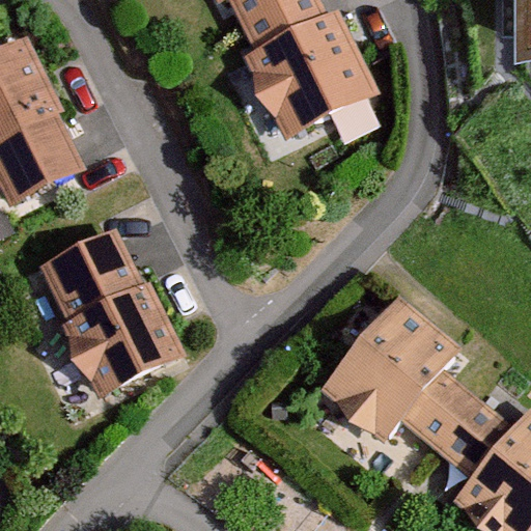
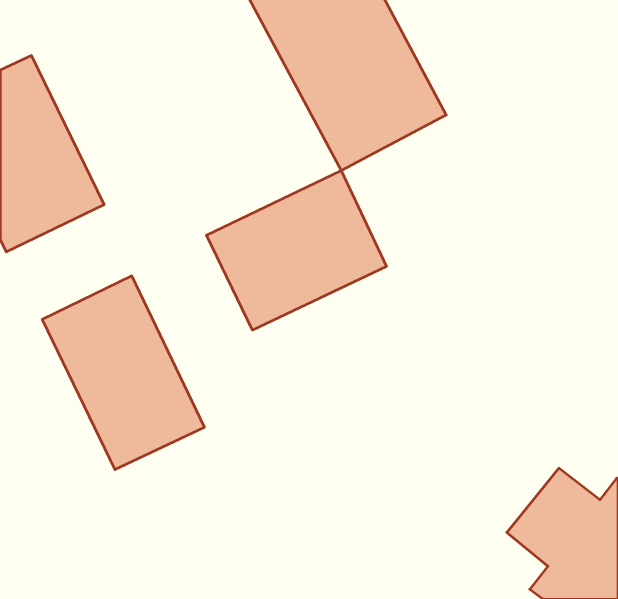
building: none -> [206,171,386,330]
building: [322,303,479,456] -> none

